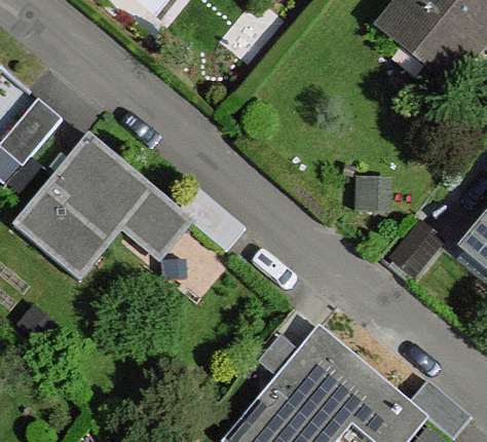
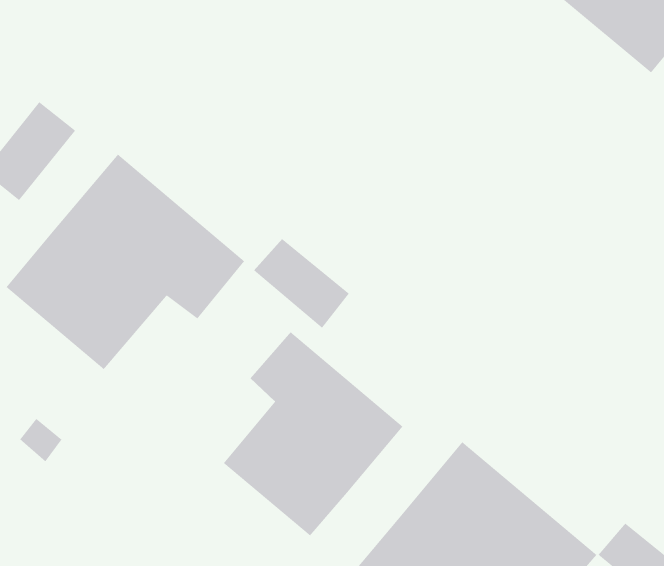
building: none -> [223,331,404,537]

